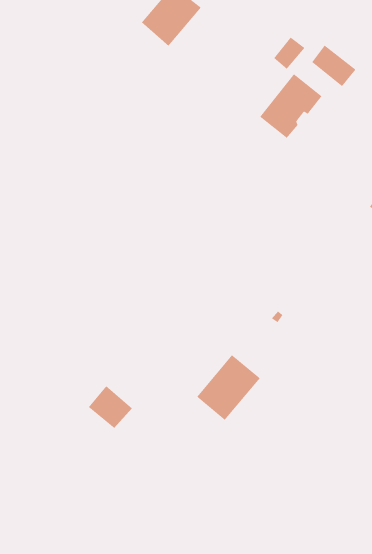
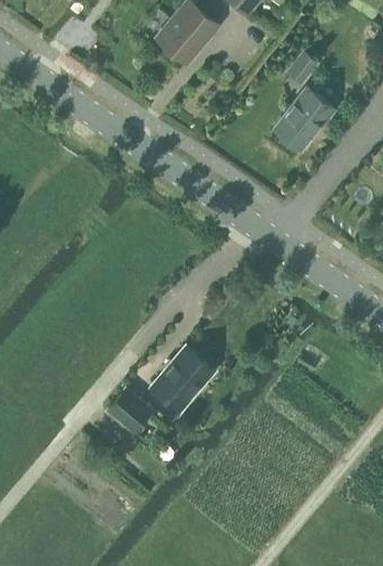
building: [311,44,356,87] -> none
building: [196,354,261,421] -> [151,348,214,412]

